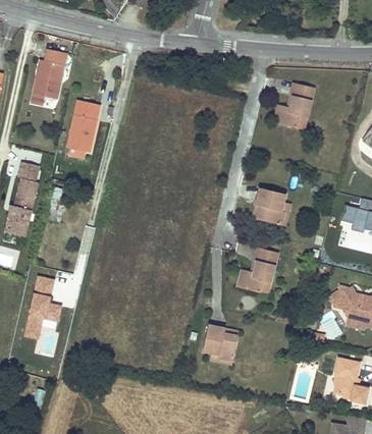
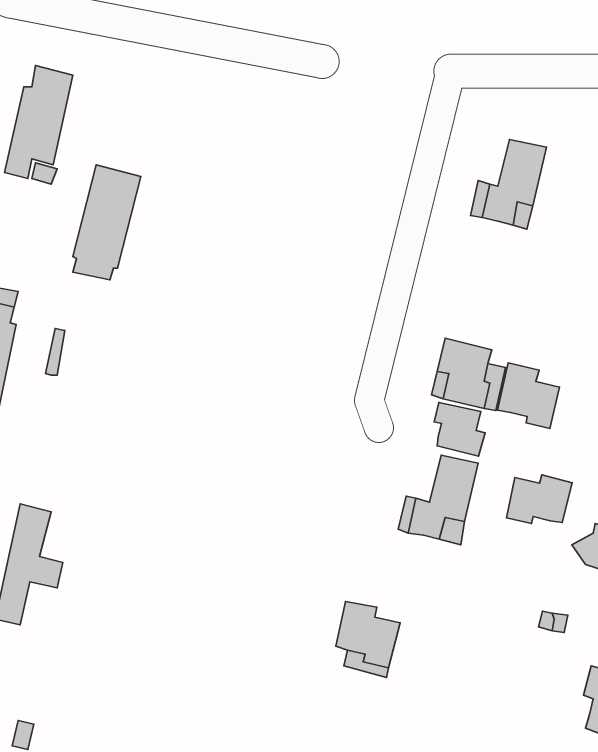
building: none -> [498,363,560,429]
building: none -> [434,403,485,456]
building: none -> [507,475,572,524]

